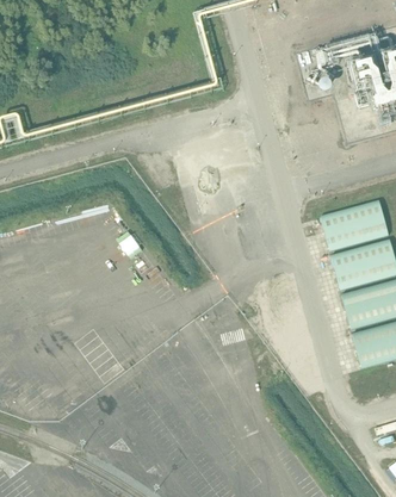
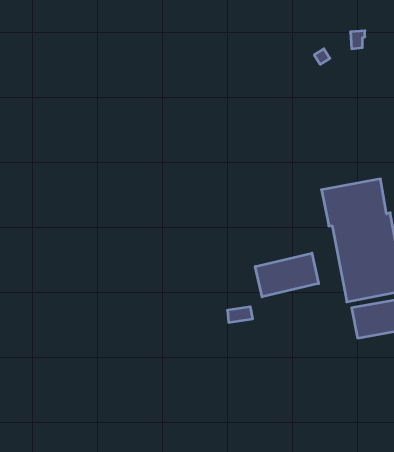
building: none -> [255,253,319,297]

